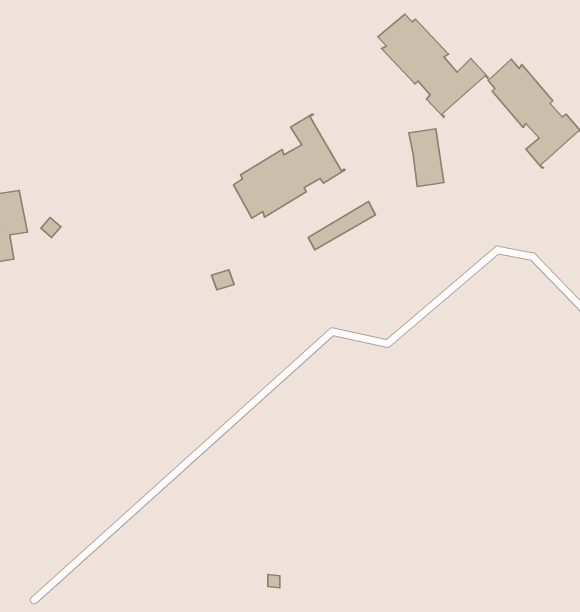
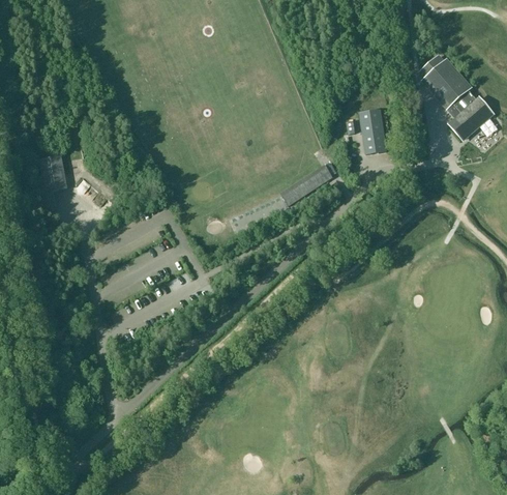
building: [378,14,488,117] -> none
building: [234,114,345,218] -> none

